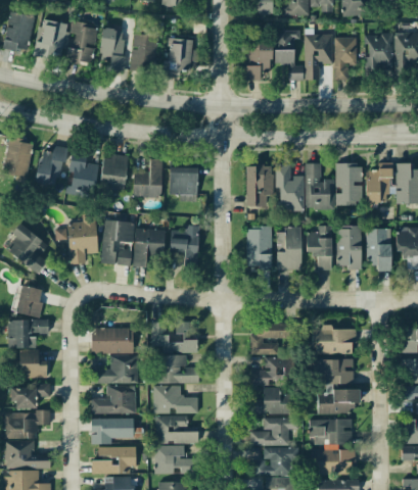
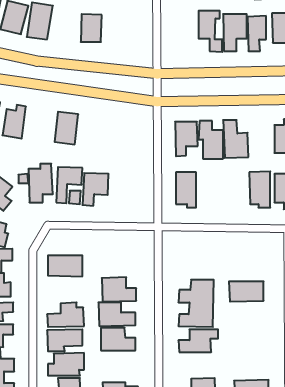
building: [100,28,127,70] -> none
building: [162,38,198,77] -> none
building: [247,43,273,79] -> none
building: [69,153,98,193] -> none
building: [134,158,162,197] -> none
building: [336,163,363,205] -> none
building: [170,166,198,202] -> none
building: [307,226,333,270] -> none
building: [171,227,199,265] -> none
building: [277,227,303,271] -> none
building: [151,322,198,353] -> none
building: [250,324,289,354] -> none
building: [313,328,356,354] -> none
building: [93,355,138,384] -> none
building: [318,384,361,414] -> none
building: [310,419,357,475] -> none
building: [154,445,196,474] -> none
building: [253,447,292,475] -> none

